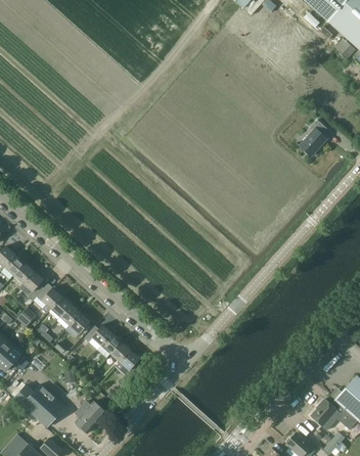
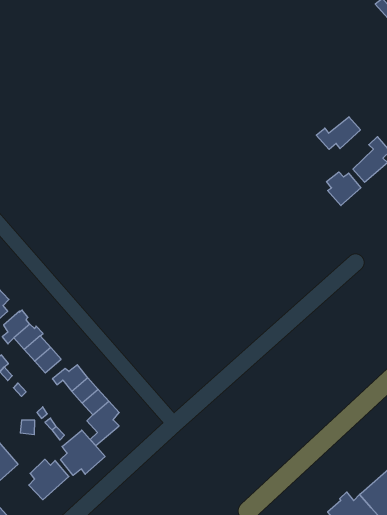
building: none -> [316,117,360,149]
building: none -> [327,172,361,206]
building: none -> [61,430,105,475]

